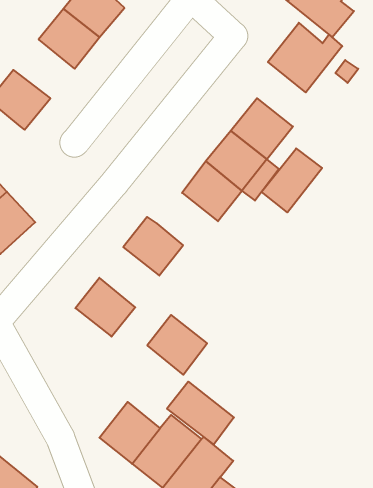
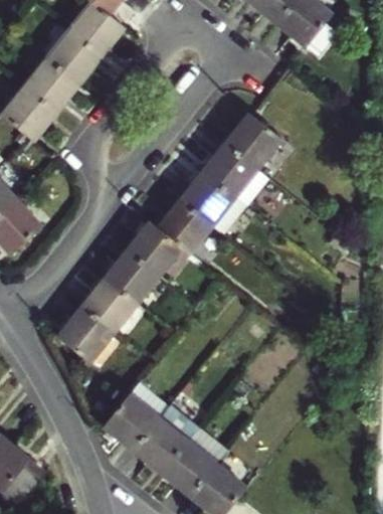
building: [268,23,342,92] -> none
building: none -> [23,57,79,112]
building: [262,148,322,212] -> none
building: none -> [156,199,212,254]
building: none -> [56,306,114,362]
building: [147,315,207,375] -> [103,249,158,305]
building: [167,382,234,444] -> none

